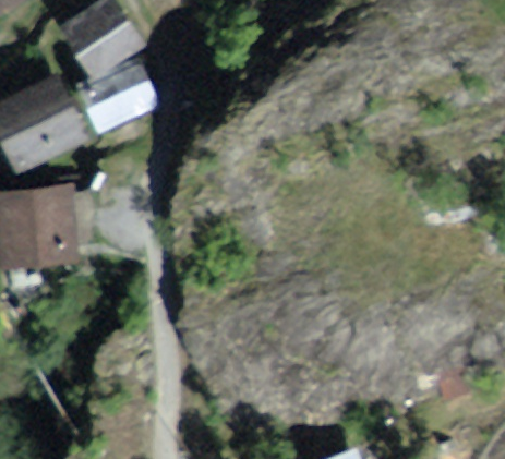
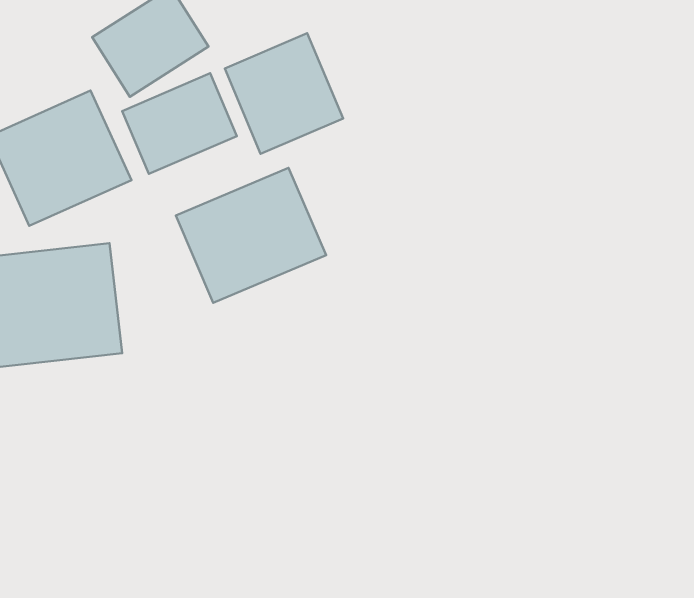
building: none -> [225,33,343,154]
building: none -> [176,168,326,303]

